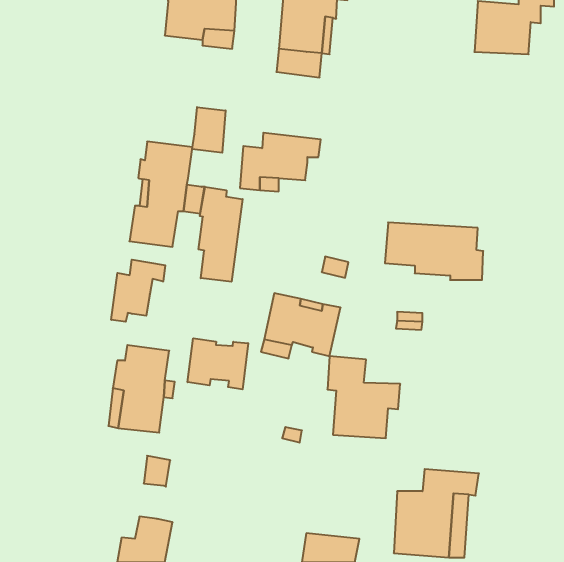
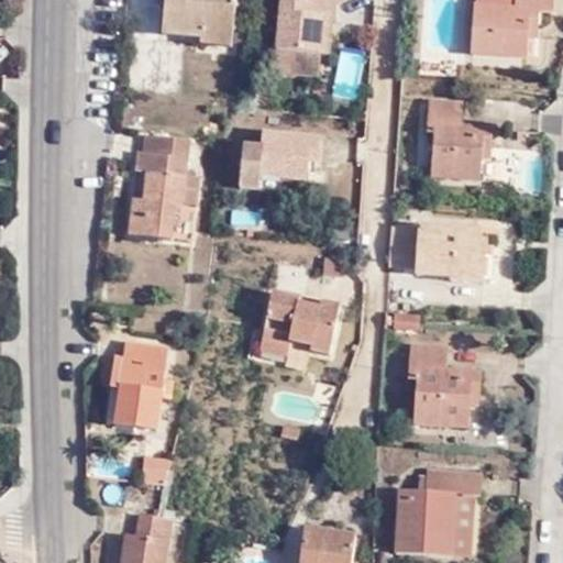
building: none -> [426,99,490,179]
building: [192,107,226,153] -> none
building: [199,187,243,282] -> none
building: [111,260,165,322] -> none
building: [188,338,248,389] -> none
building: [327,356,400,438] -> [402,341,475,422]

